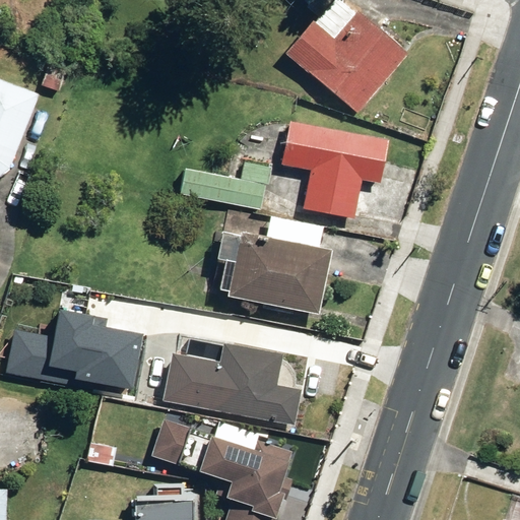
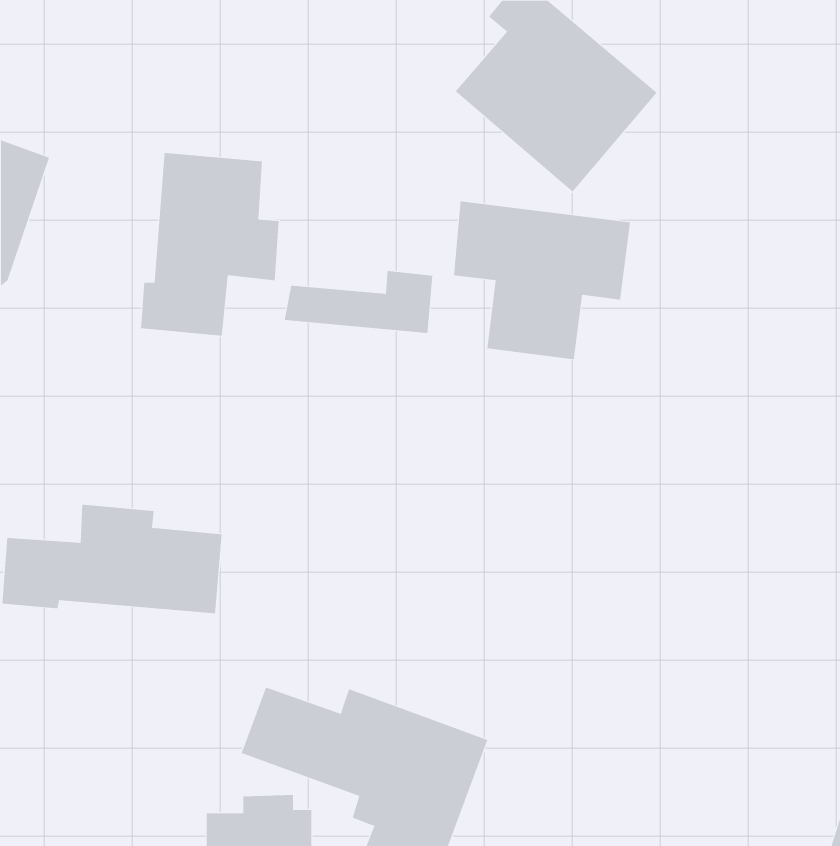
building: none -> [140,152,279,336]
building: [214,220,328,317] -> none
building: [155,333,304,417] -> none

